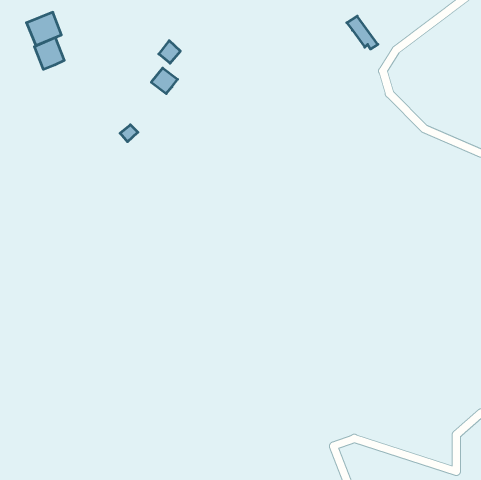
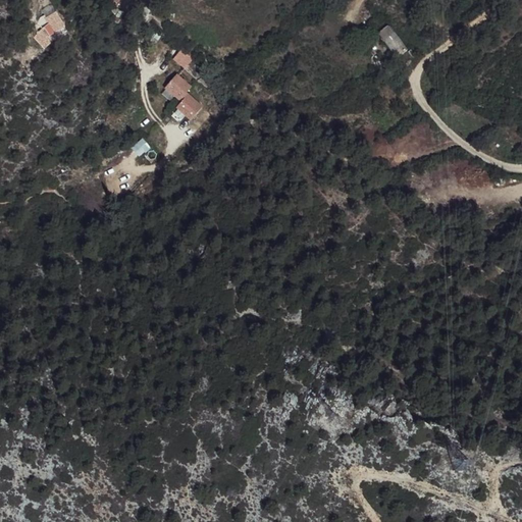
building: [34,38,64,69] -> none
building: none -> [174,94,202,120]

